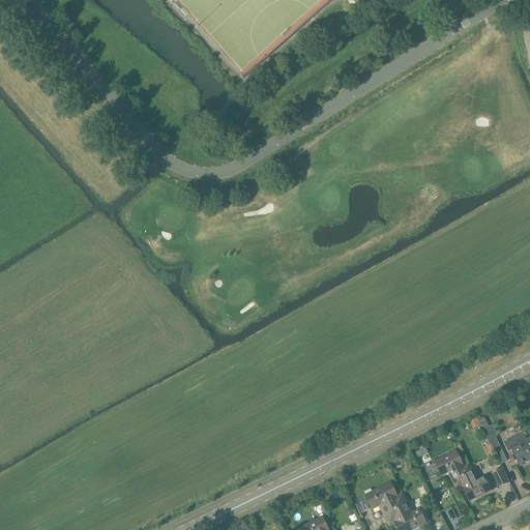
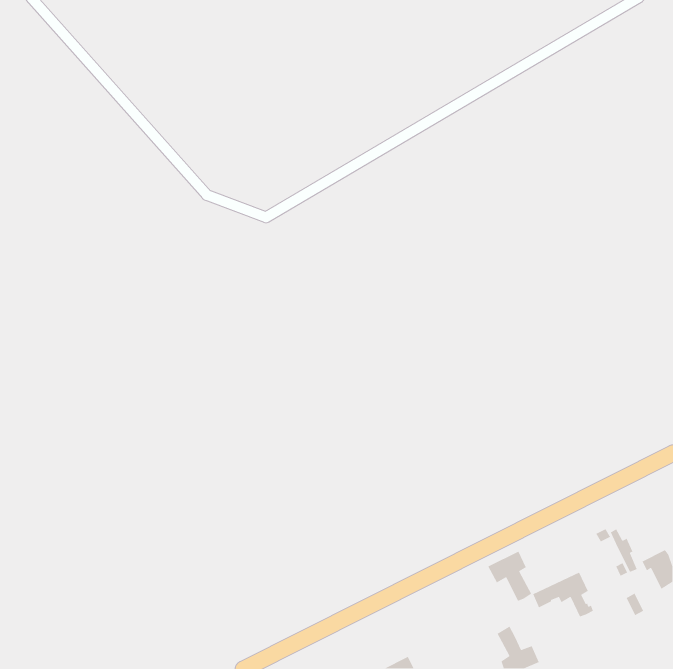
building: [458,463,490,499] -> none
building: [364,481,400,522] -> [487,550,532,602]

